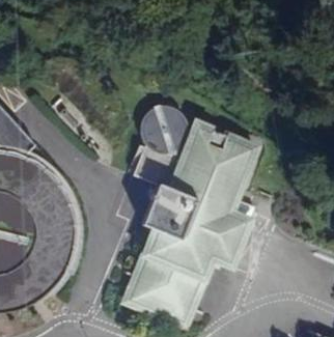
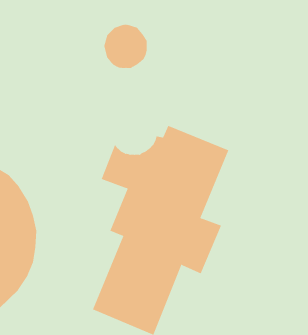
building: [142,107,185,149] -> [103,24,148,68]

